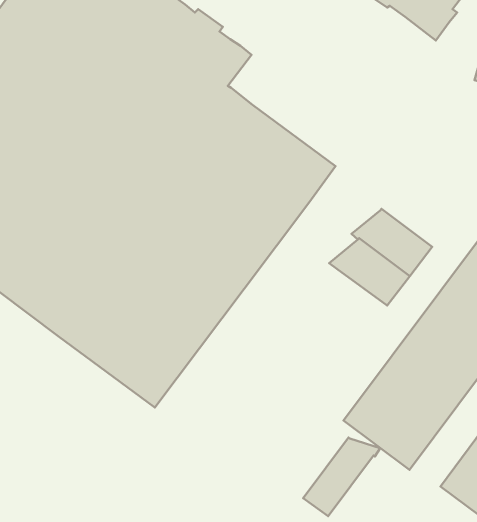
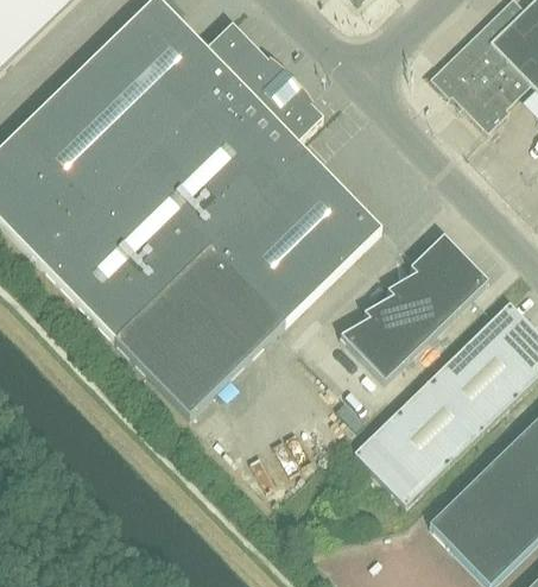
building: none -> [410,233,489,311]
building: none -> [340,317,409,380]
building: [303,437,380,516] -> none

